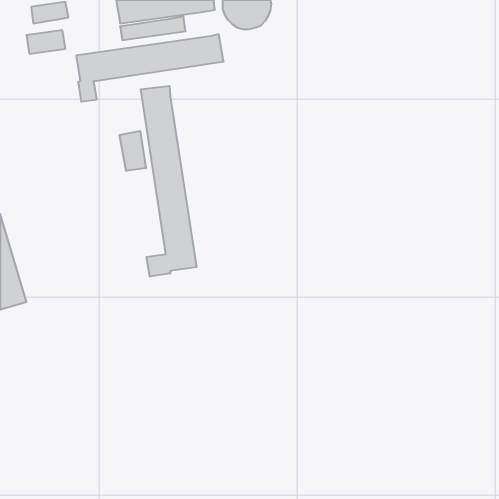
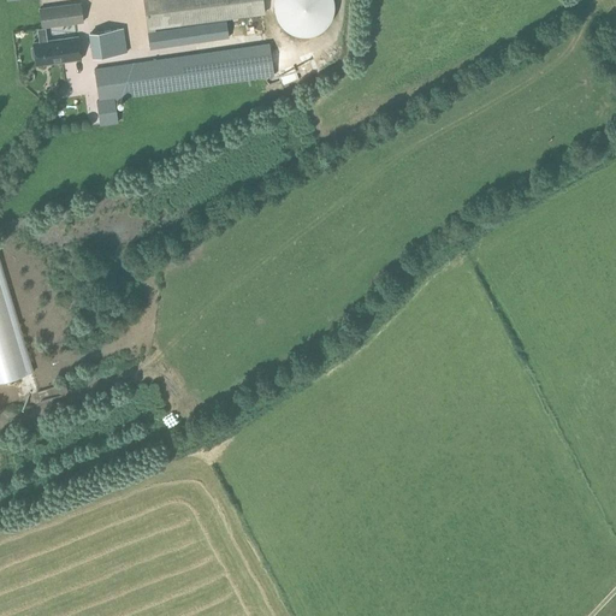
building: none -> [89,28,128,58]
building: [141,86,197,277] -> none
building: [120,131,146,171] -> none

